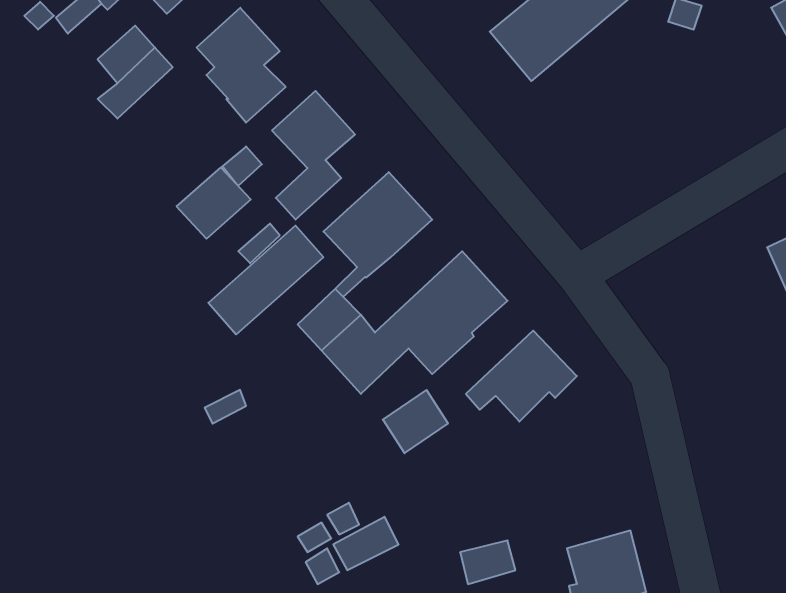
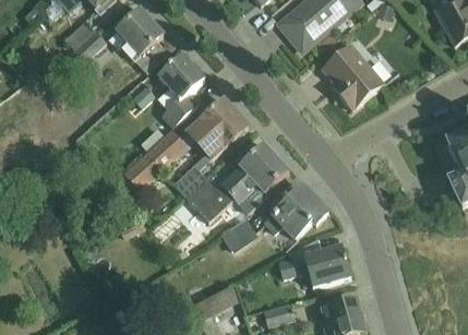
building: none -> [322,43,383,108]
building: [177,167,251,239] -> none
building: none -> [278,239,350,286]

